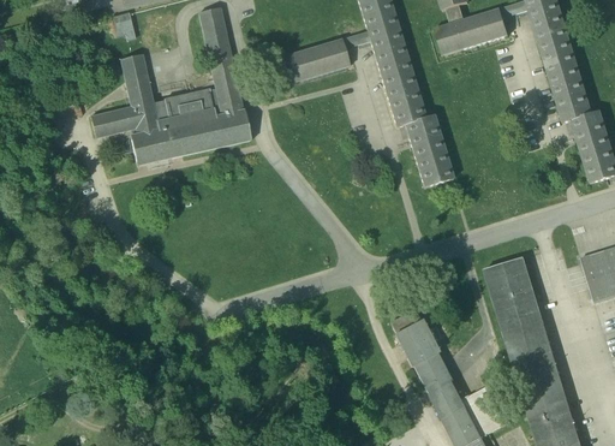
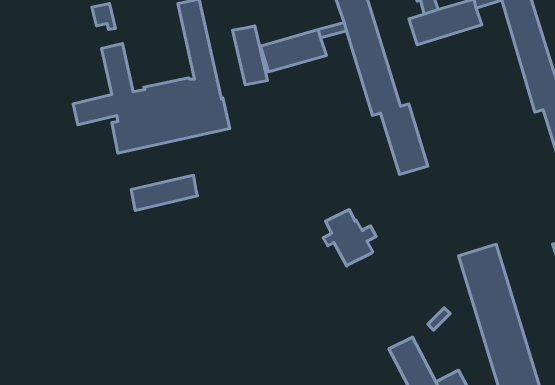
building: none -> [232,26,268,85]
building: none -> [131,175,197,210]
building: [388,308,442,365] -> [323,209,376,266]

